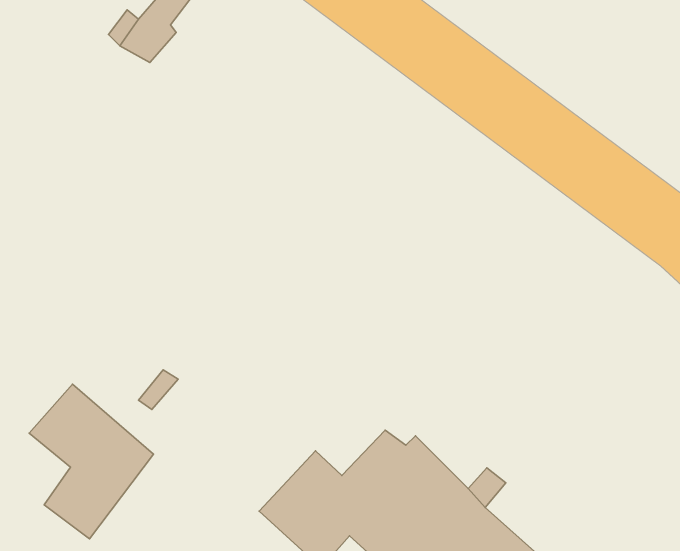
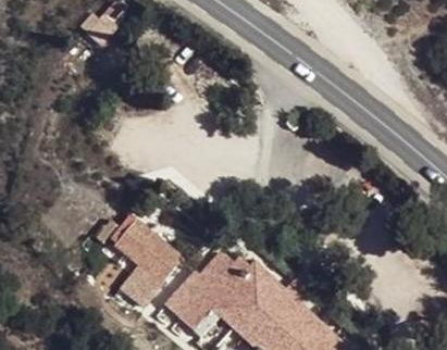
building: [29,384,153,539] -> [110,215,182,304]

